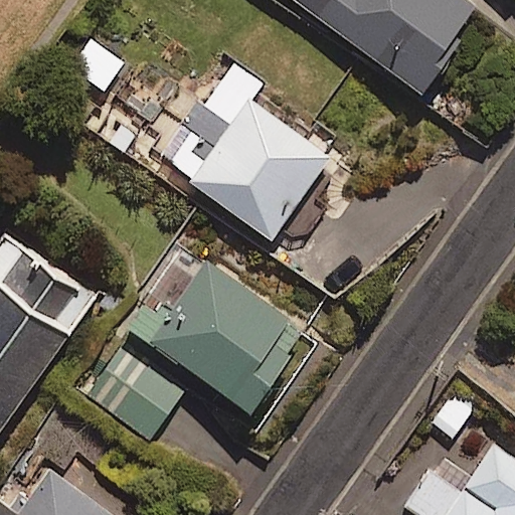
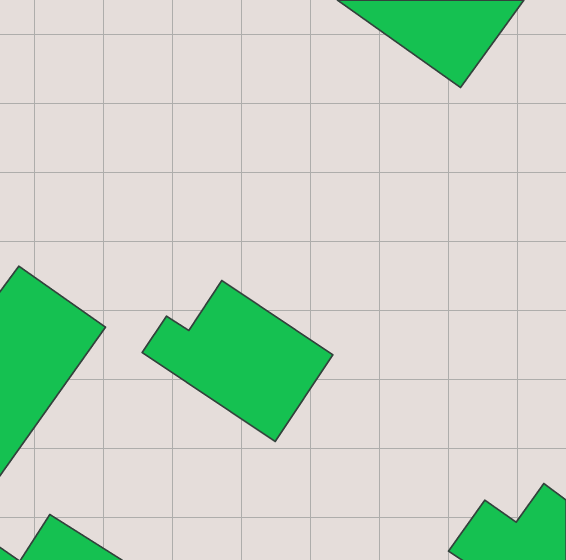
building: [190,63,326,233] -> none
building: [84,342,184,439] -> none

